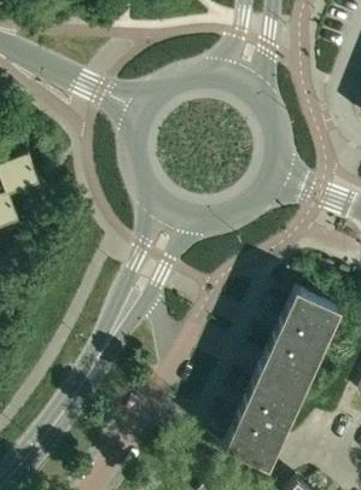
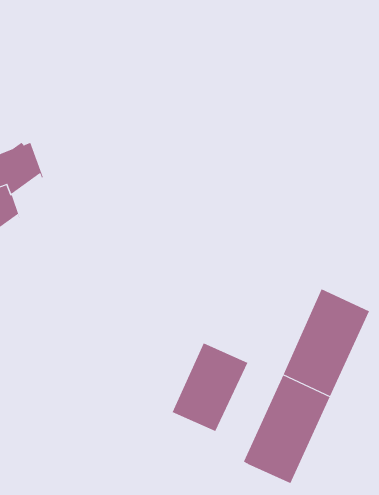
building: none -> [172,342,248,432]

